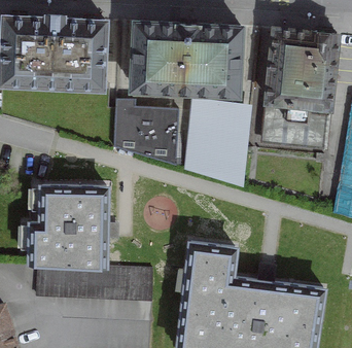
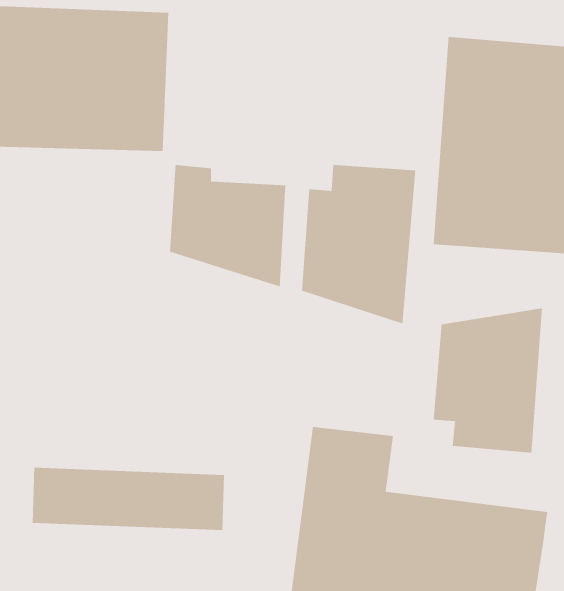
building: [134,18,242,95] -> none
building: none -> [433,307,542,454]
building: [36,187,104,262] -> none

